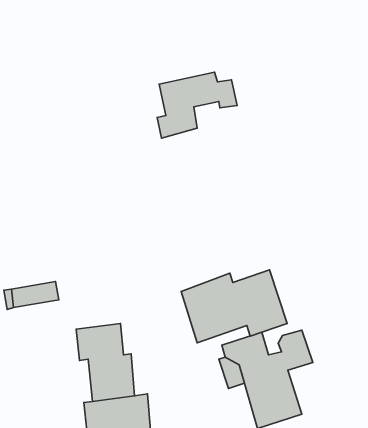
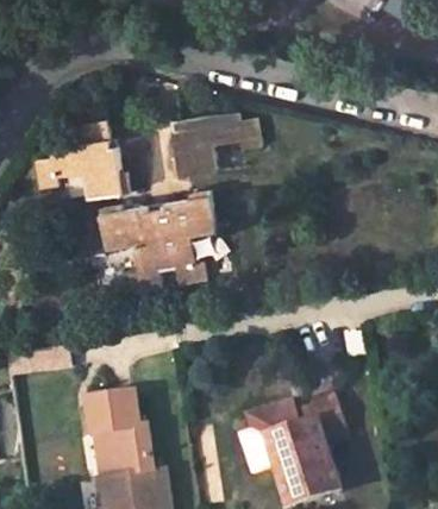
building: none -> [32,124,129,206]
building: none -> [106,194,220,295]
building: [181,270,287,343] -> none

